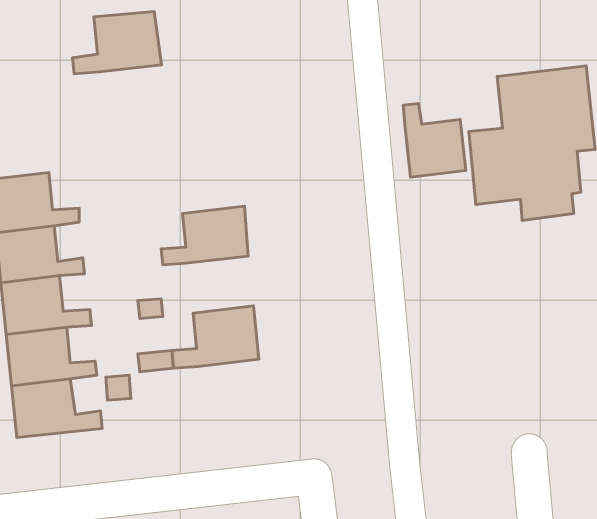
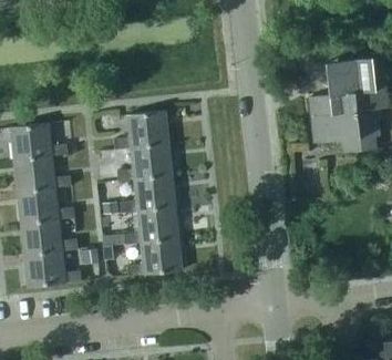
building: [72,11,161,74] -> [114,111,169,150]
building: [403,104,466,177] -> none
building: none -> [121,175,175,213]
building: none -> [127,239,182,277]

